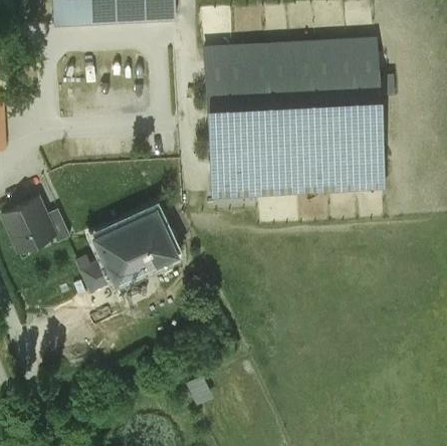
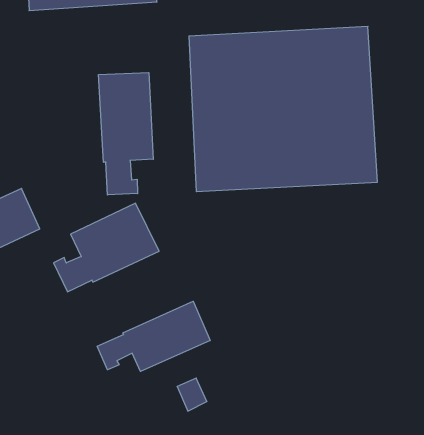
building: none -> [99,73,153,195]
building: none -> [97,301,210,371]

